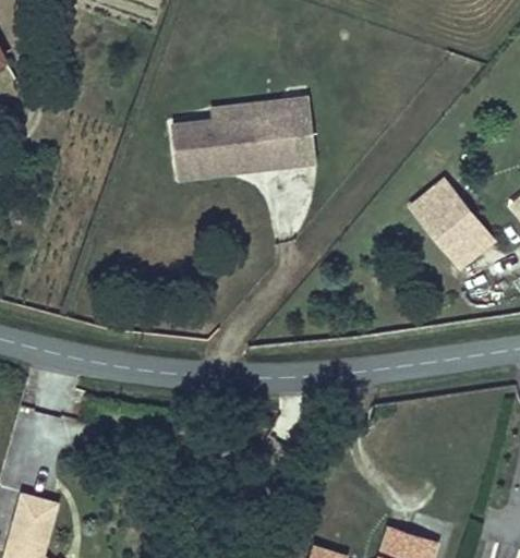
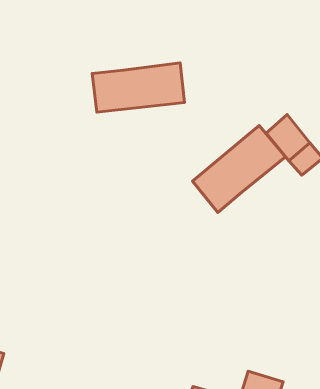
building: [216,98,316,166] -> none
building: none -> [193,126,286,212]

